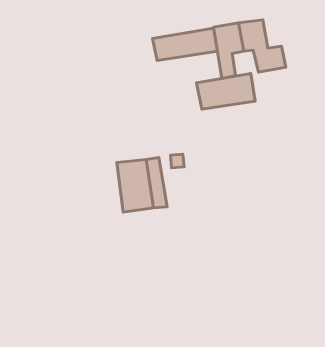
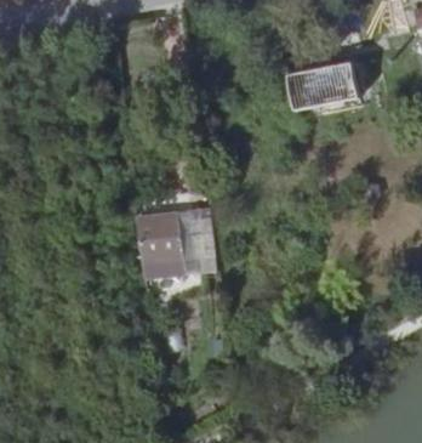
building: [153,28,217,60] -> none
building: [197,74,255,109] -> none

